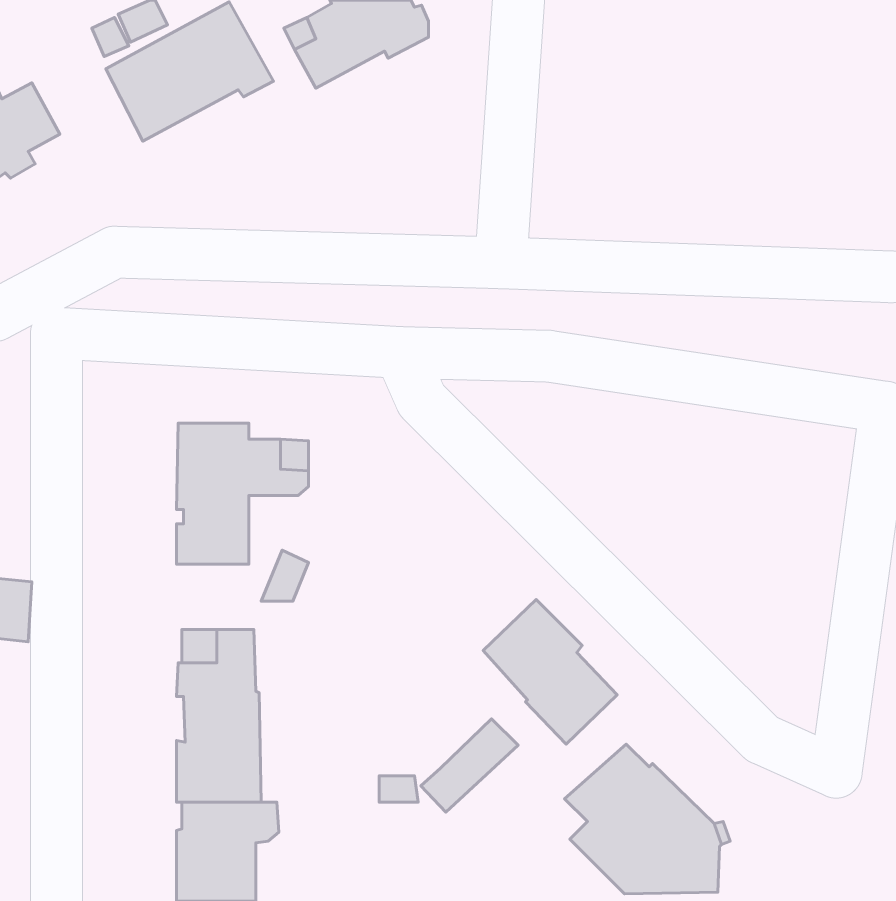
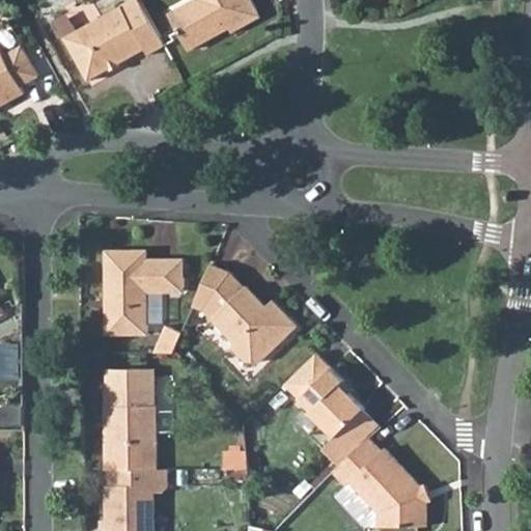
building: none -> [195,263,296,360]
building: [421,719,518,812] -> [322,409,379,464]

